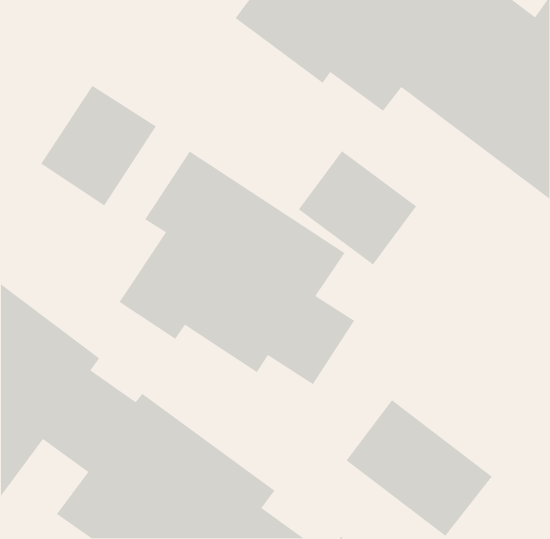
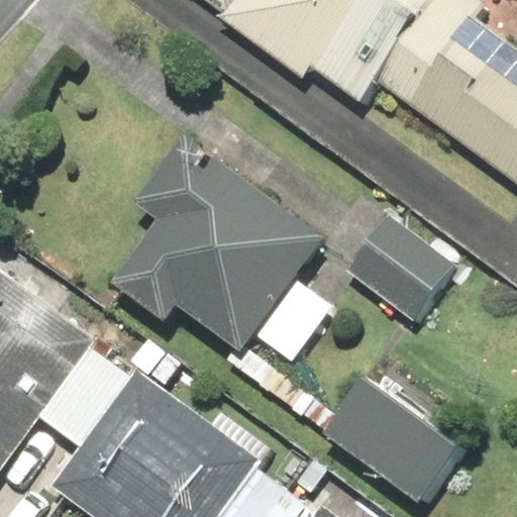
building: [40,85,157,206] -> none
building: [298,150,417,265] -> [345,210,457,318]

